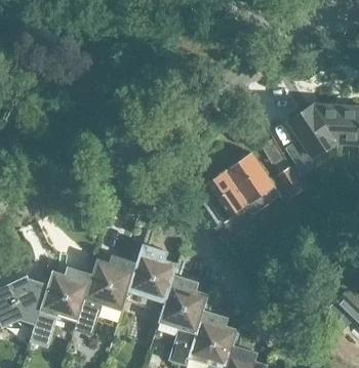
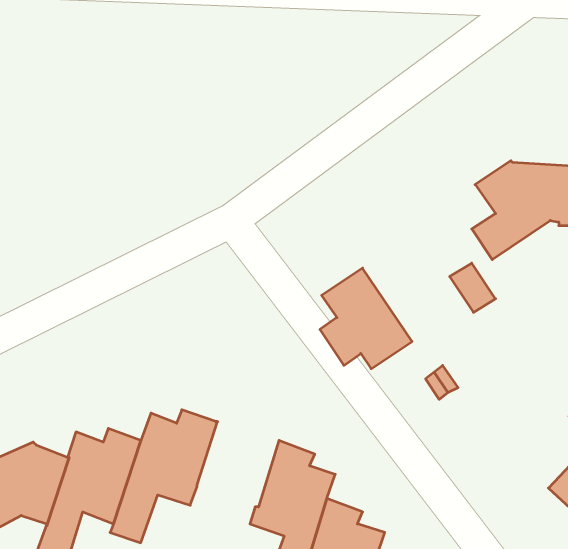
building: [224,152,279,213] -> none
building: [124,243,177,313] -> none

